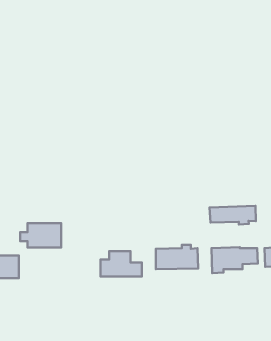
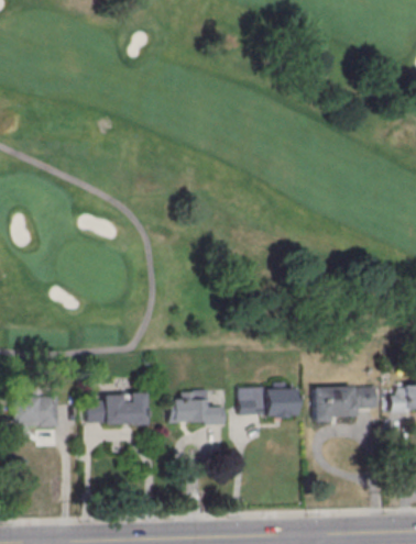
building: [209,206,256,224] -> none
building: [20,223,61,248] -> [91,393,146,426]

